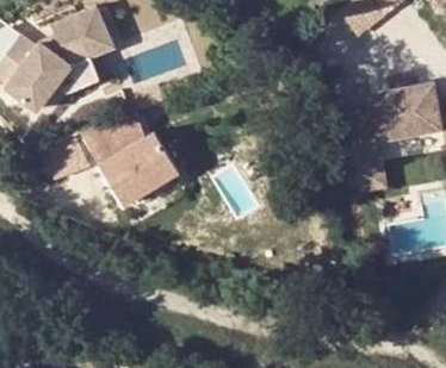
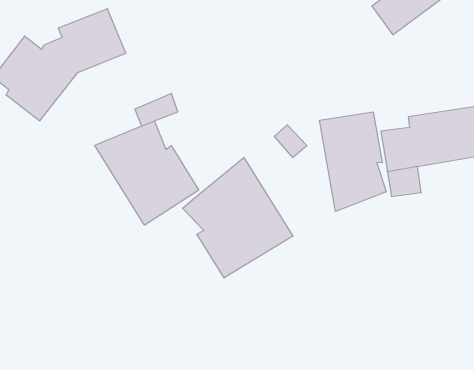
building: none -> [320,112,386,211]
building: none -> [182,157,293,278]

